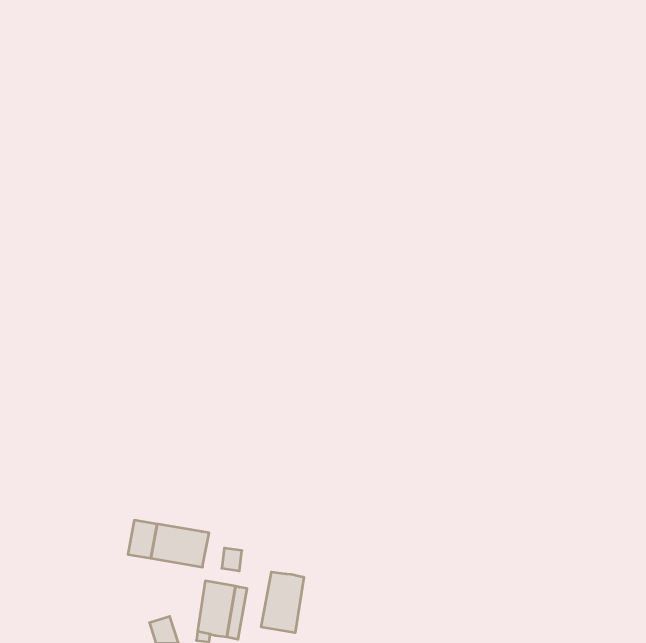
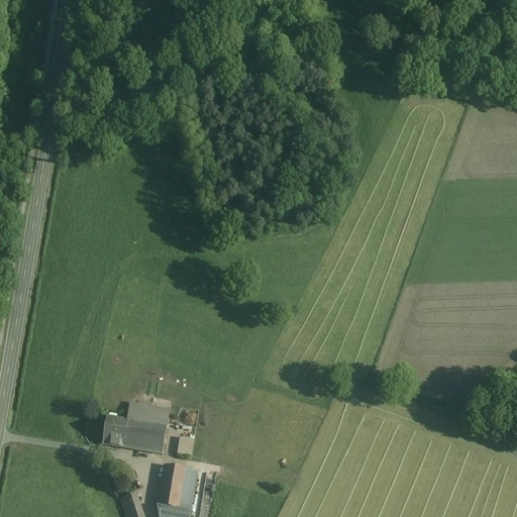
building: none -> [126,403,169,425]
building: [261,572,304,633] -> none

